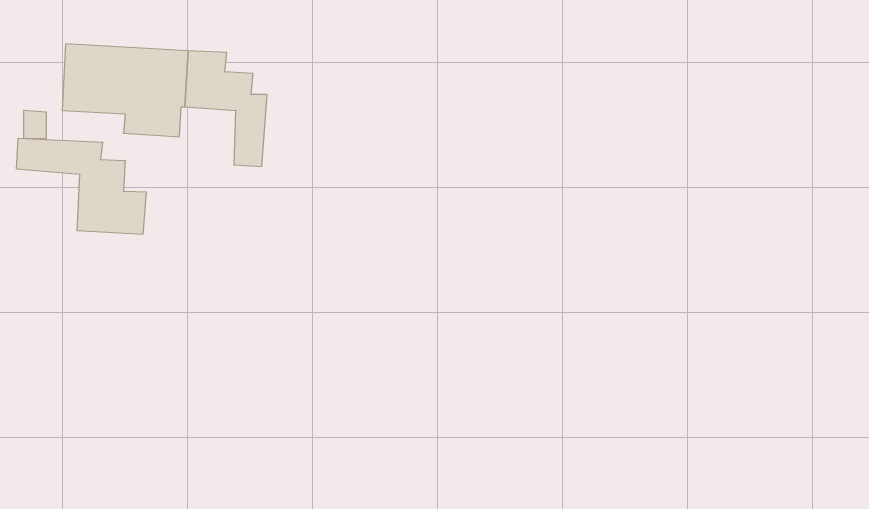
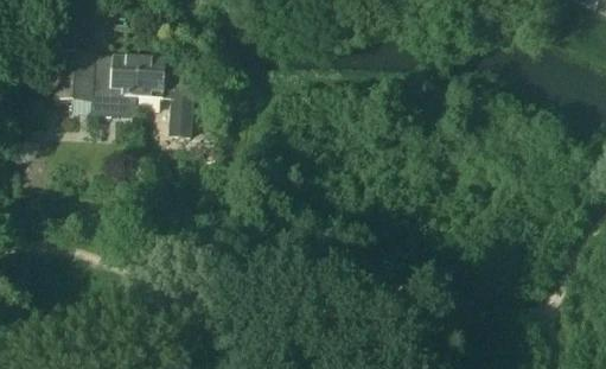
building: [16,138,146,234] -> none

